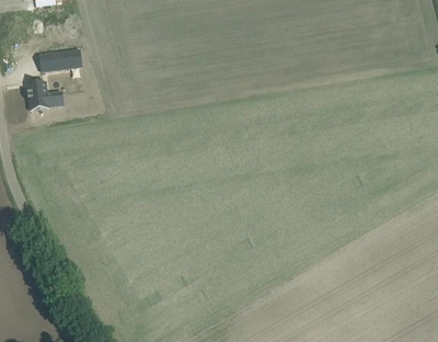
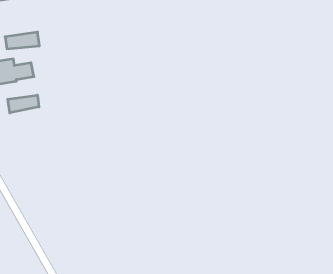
building: none -> [8,95,39,113]

